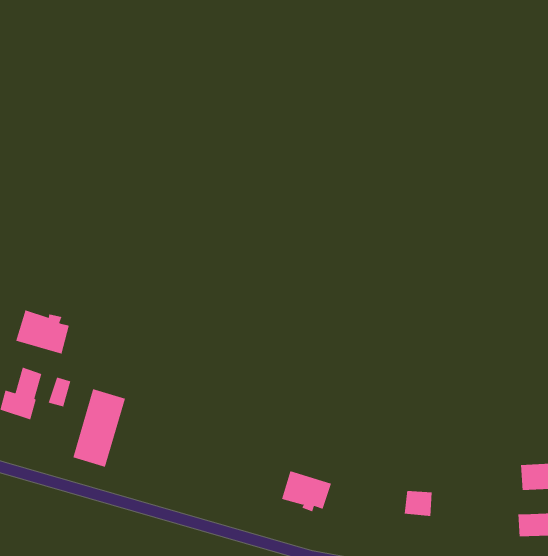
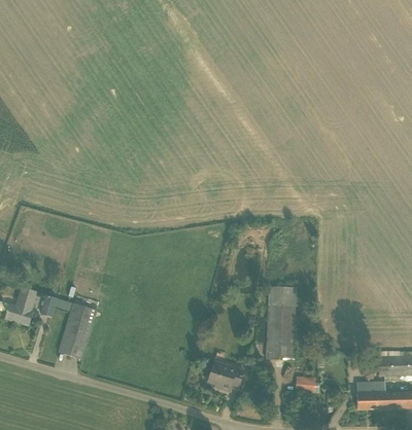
building: [16,309,70,354] -> none
building: none -> [265,294,296,359]
building: none -> [355,380,384,408]

